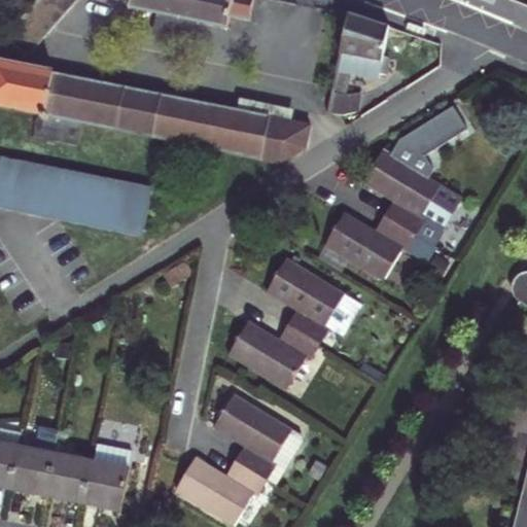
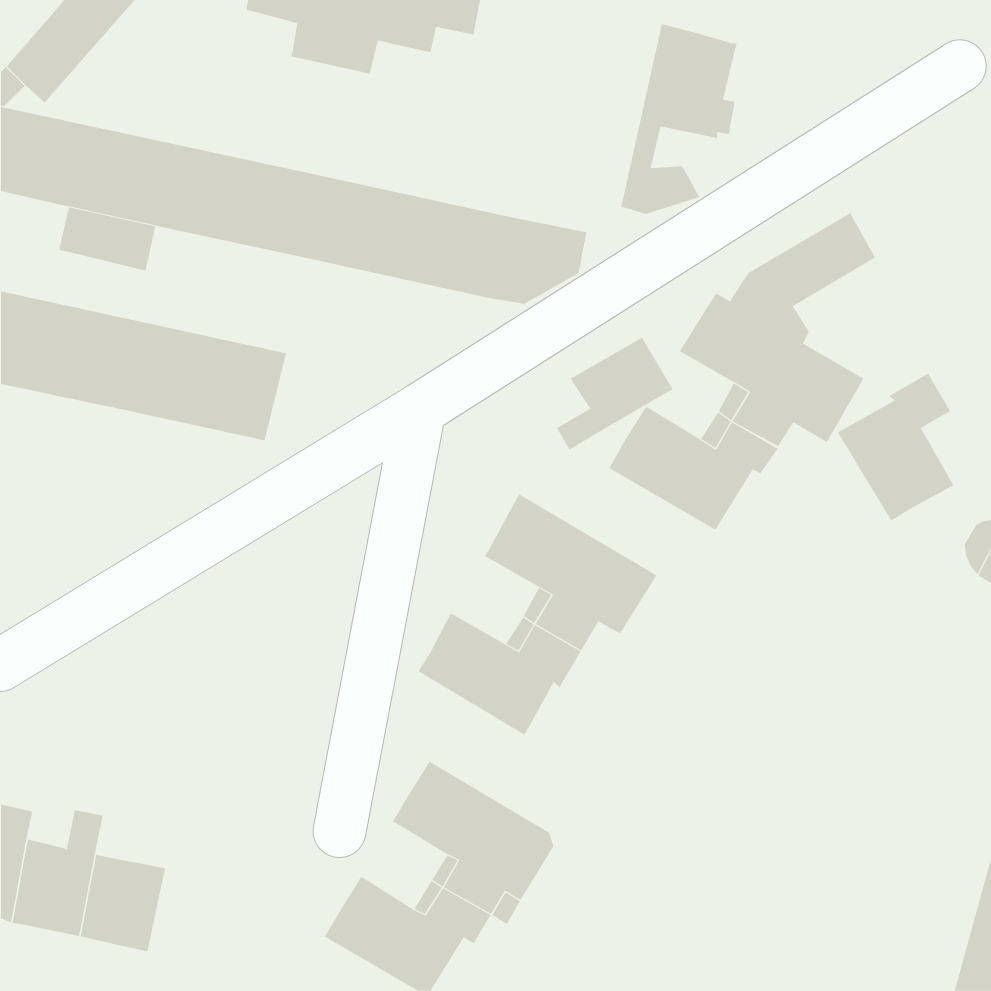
building: none -> [556,337,673,450]
building: none -> [837,373,954,522]
building: [81,458,131,511] -> none

